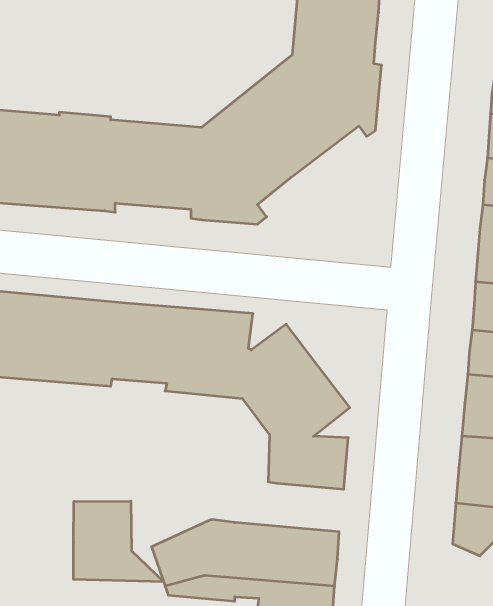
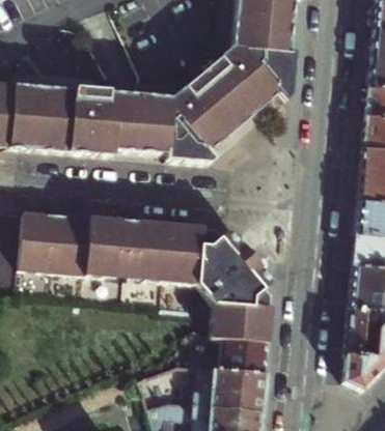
building: none -> [192,340,267,373]
building: [74,501,164,582] -> none

